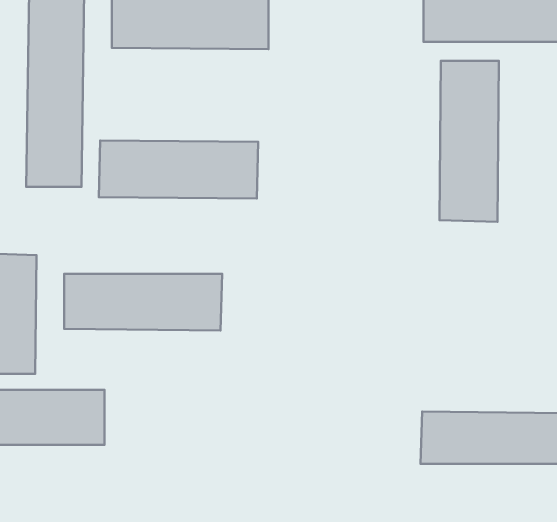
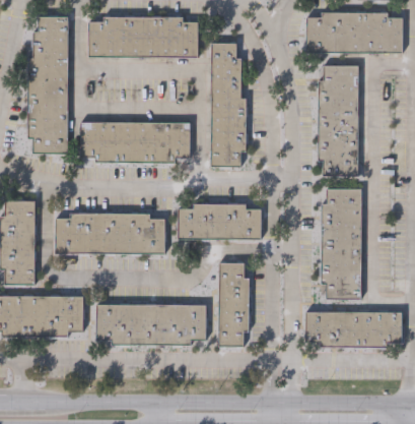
building: none -> [211,43,243,167]
building: none -> [322,188,362,299]
building: none -> [178,204,262,240]
building: none -> [218,262,249,349]
building: none -> [95,304,207,345]

